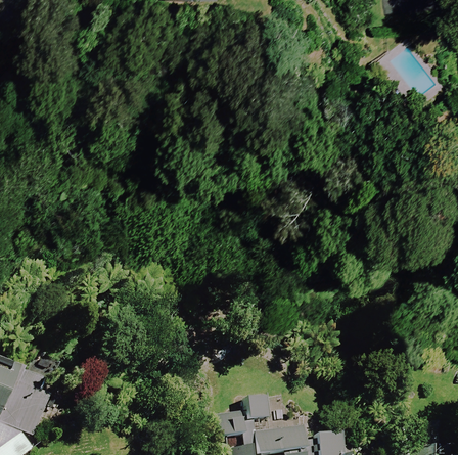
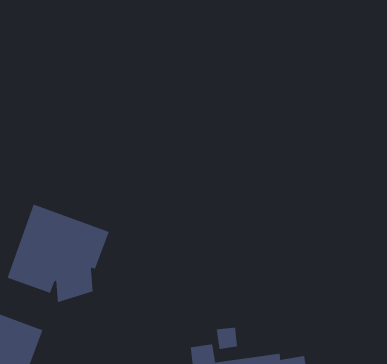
building: none -> [7,204,110,303]

